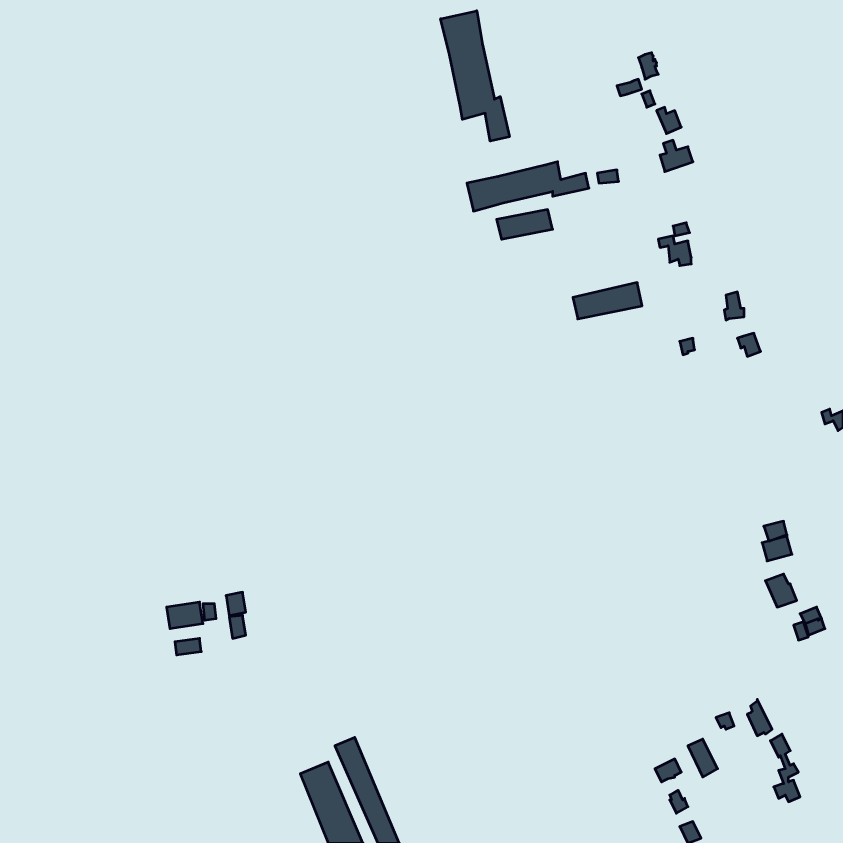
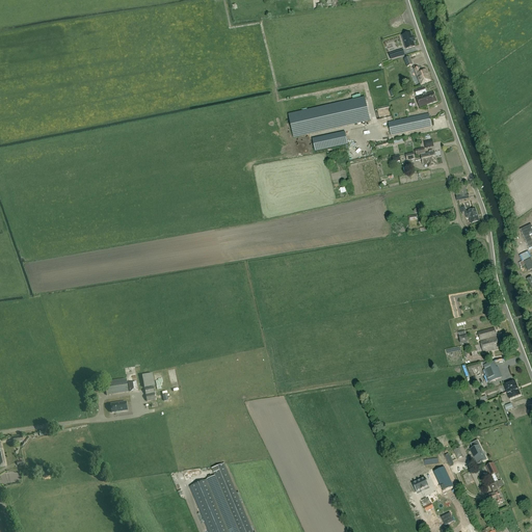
building: [441,11,509,141] -> none
building: [573,283,642,319] -> [388,113,431,136]

